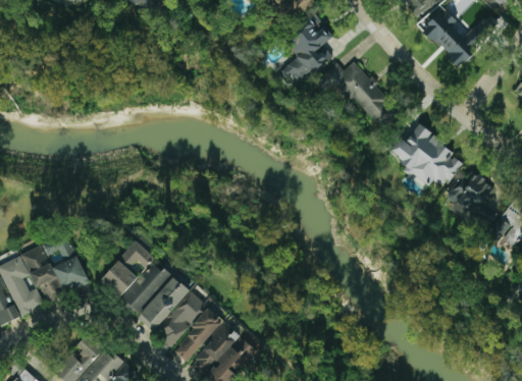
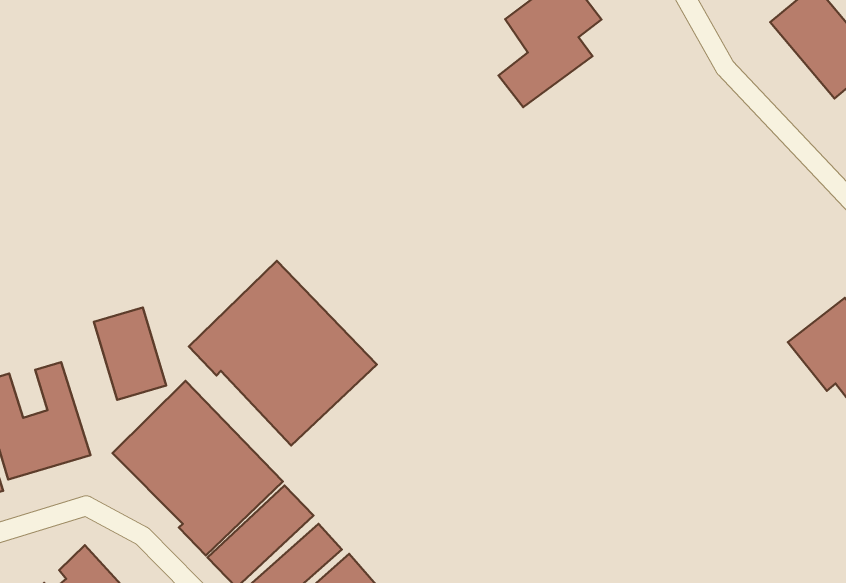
building: [323,62,402,133] -> none
building: [388,126,463,187] -> none
building: none -> [189,261,377,446]
building: none -> [94,308,166,400]

